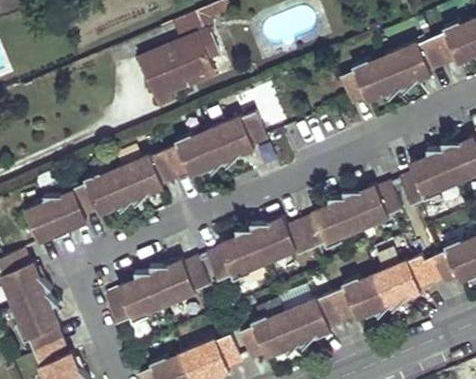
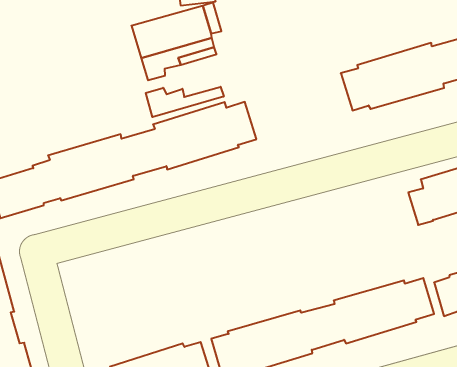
building: none -> [146,87,224,117]
building: [209,182,406,284] -> none
building: [107,257,213,328] -> none

